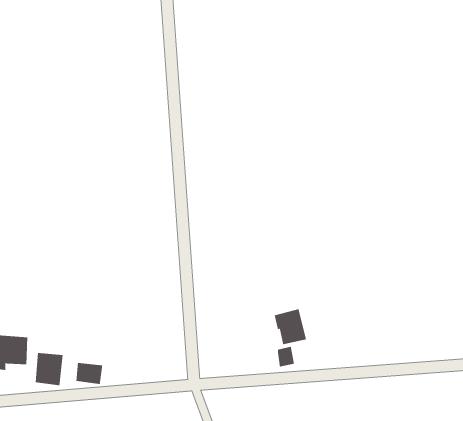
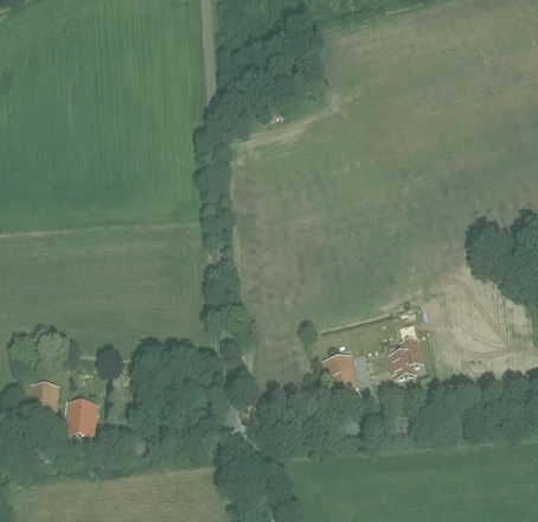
building: none -> [389,337,422,376]
building: [76,362,103,385] -> none

